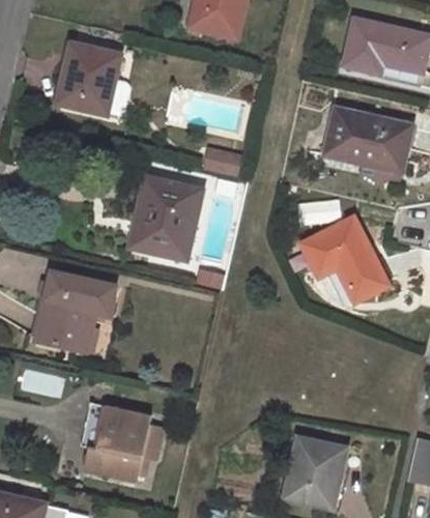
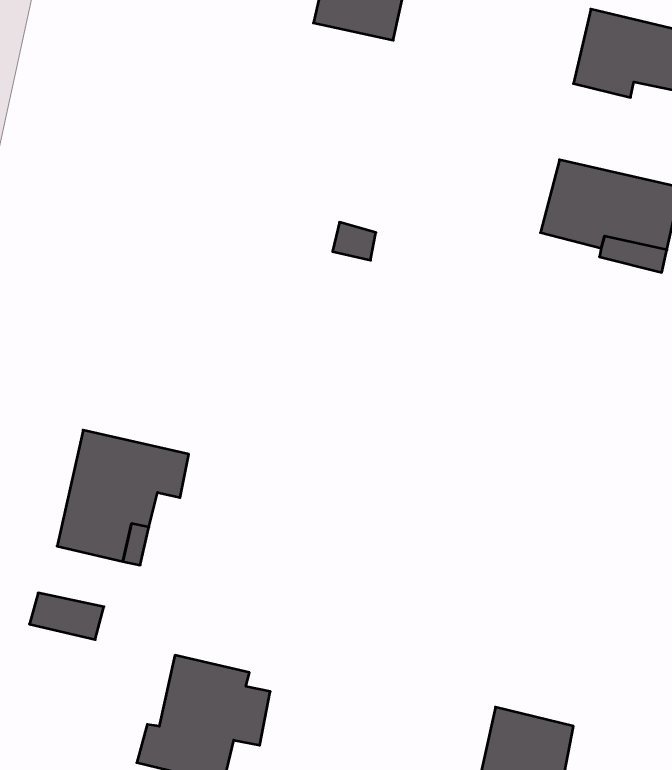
building: [58,45,119,114] -> none
building: [137,177,203,261] -> none
building: [304,221,385,300] -> none

